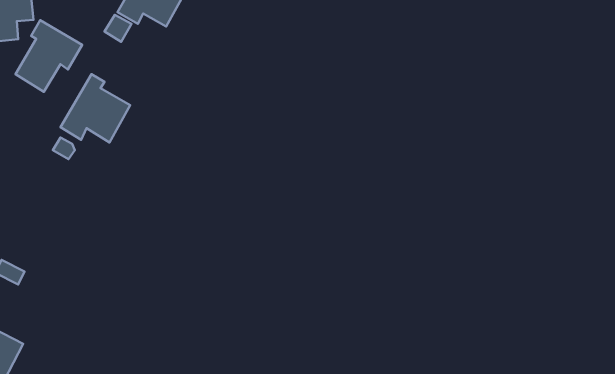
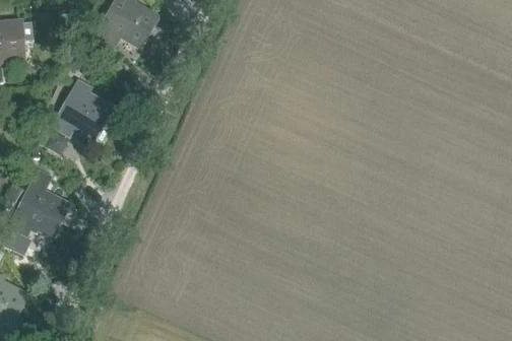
building: [15,20,82,92] -> none
building: none -> [11,180,65,232]

